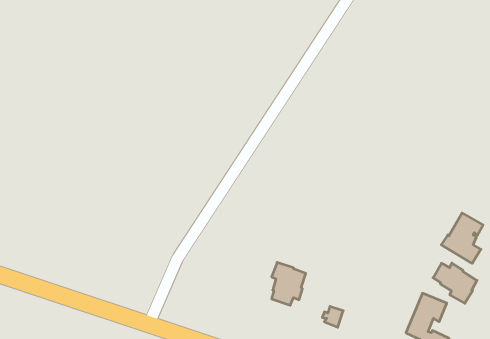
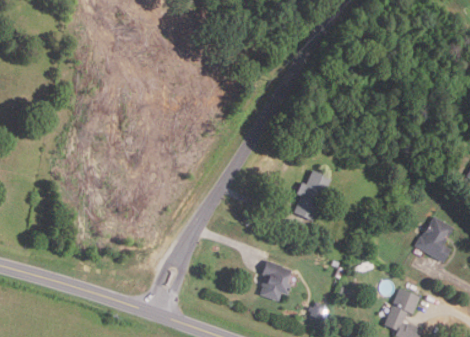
building: none -> [294,171,331,221]
building: [433,263,477,303] -> none

